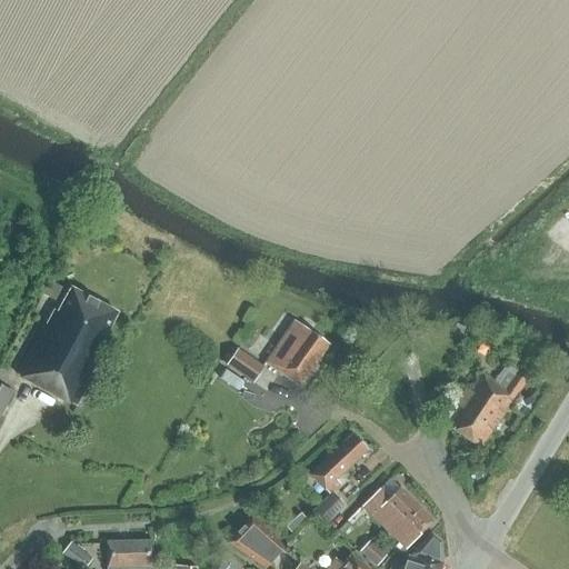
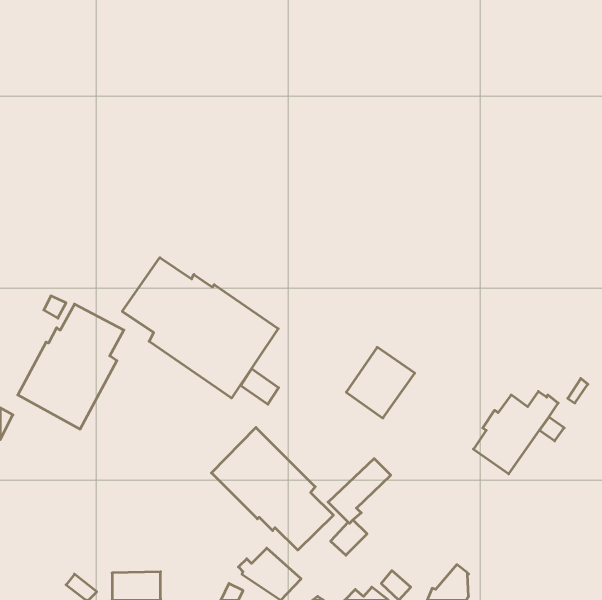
building: none -> [122,258,278,398]
building: [266,319,330,386] -> [346,347,415,418]
building: none -> [211,427,333,550]
building: [362,486,433,548] -> none

